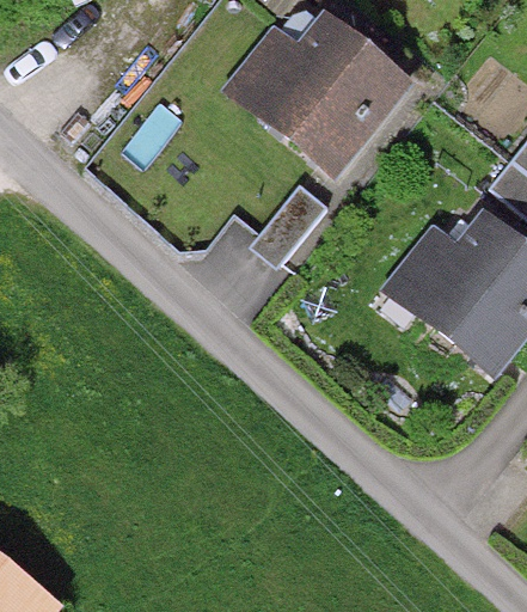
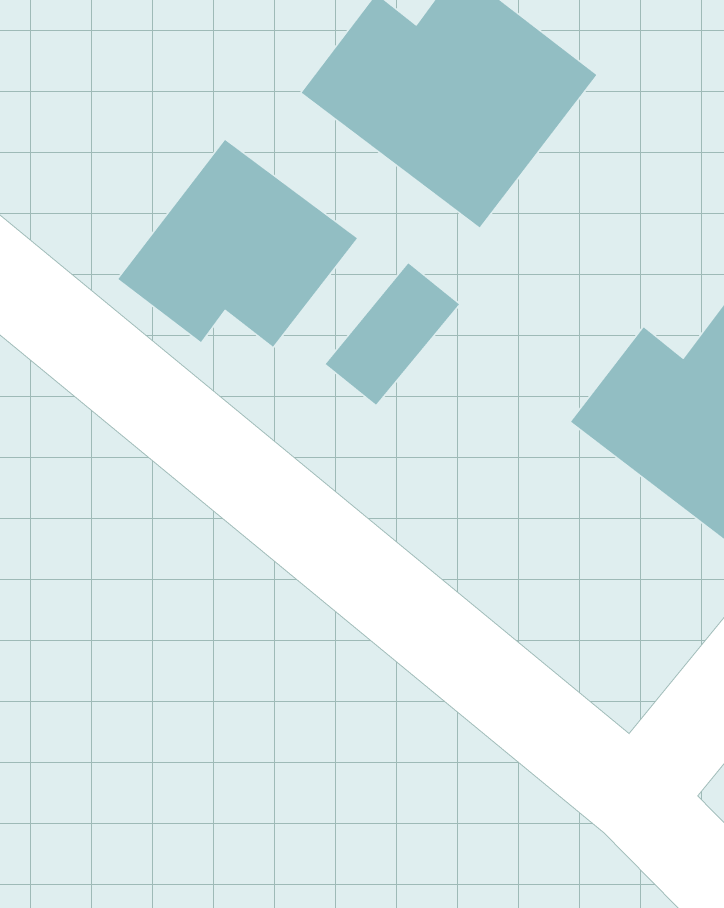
building: none -> [117,139,358,348]

